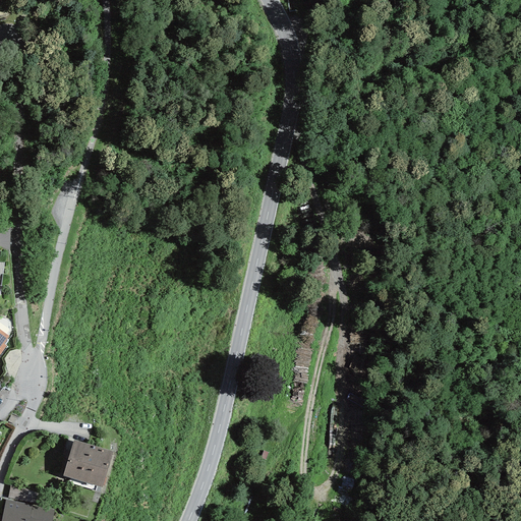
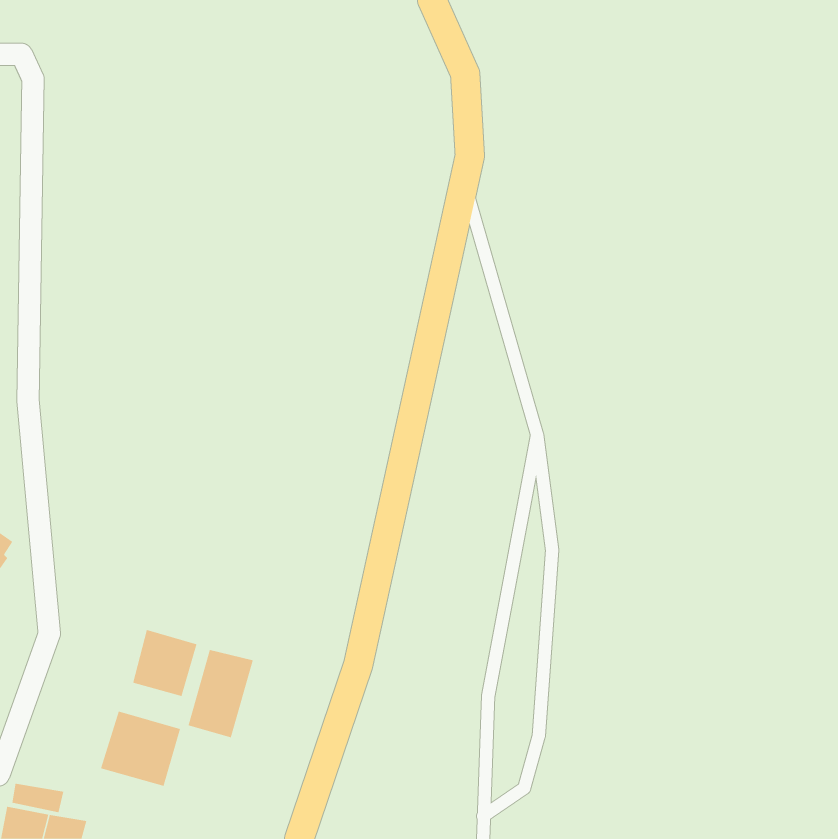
building: none -> [132,629,197,697]
building: none -> [188,649,254,738]

